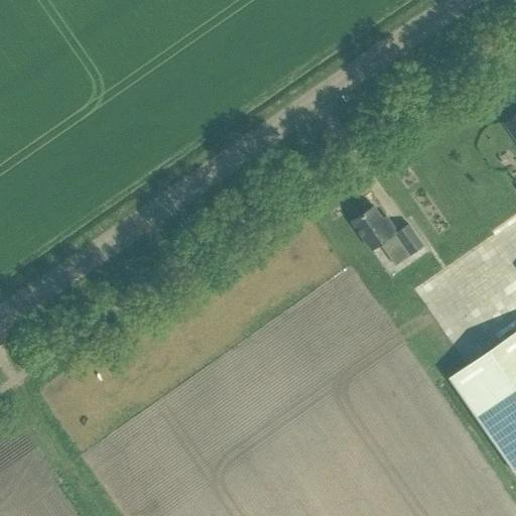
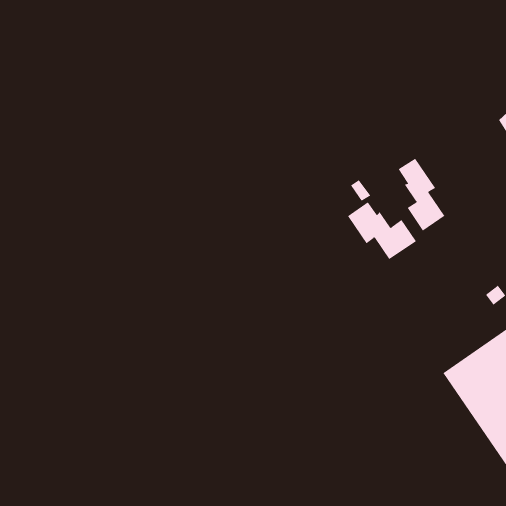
building: none -> [398,158,445,231]

